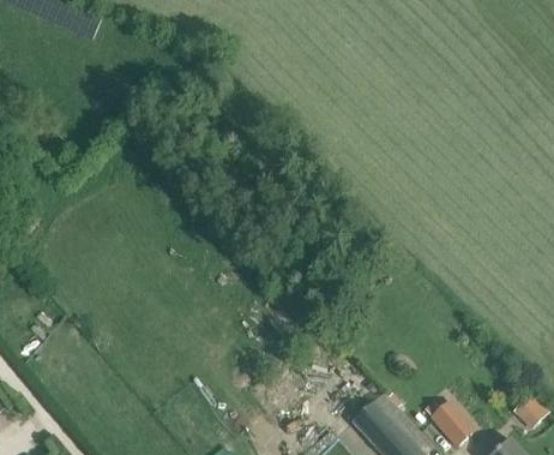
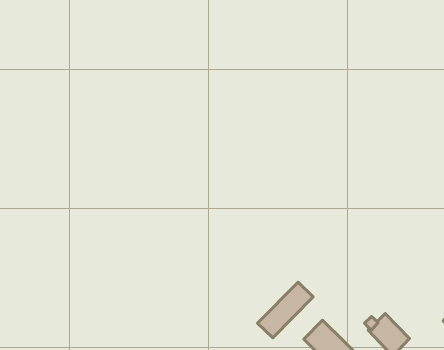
building: none -> [258,282,313,338]

